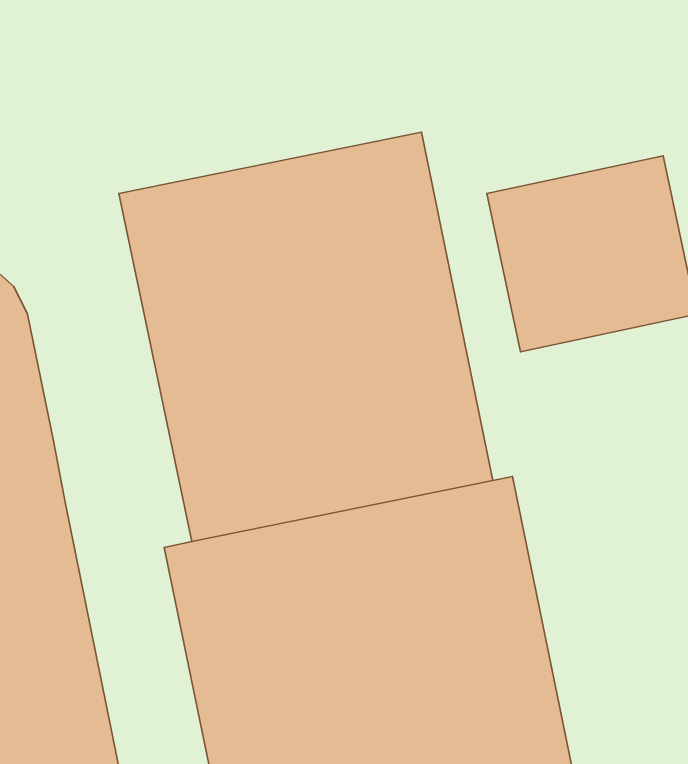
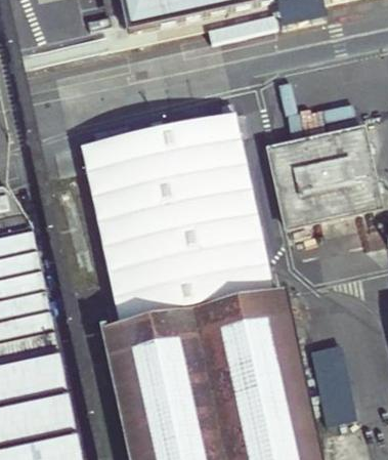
building: none -> [320,346,349,414]

